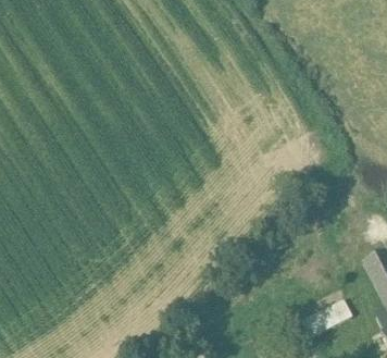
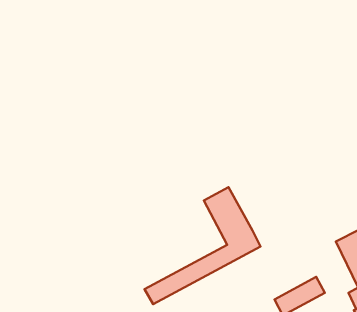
building: none -> [145,187,261,304]

